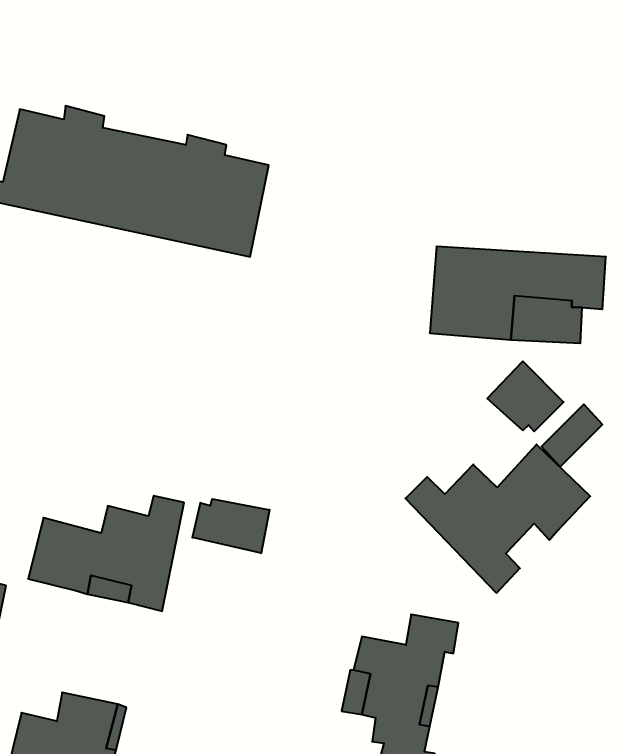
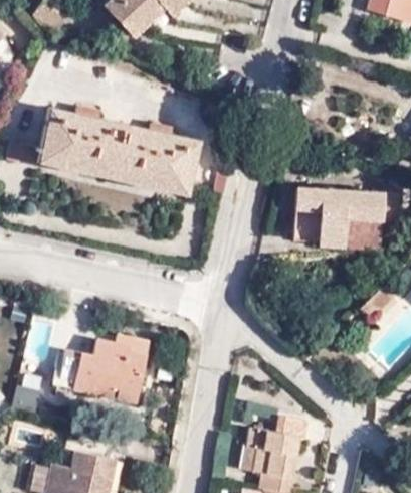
building: [487,361,564,431] -> none
building: [405,444,590,593] -> none
building: [192,499,270,553] -> none

